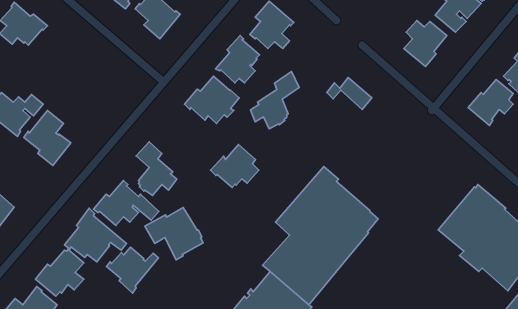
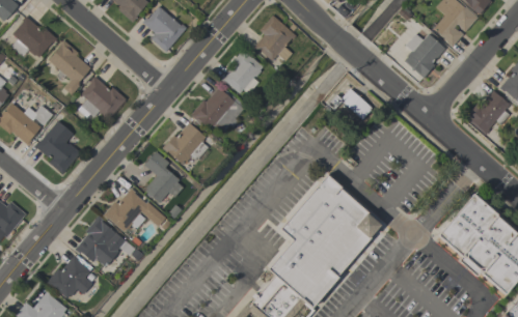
building: none -> [49,39,91,94]
building: none -> [78,76,127,119]
building: [251,72,299,129] -> none
building: [211,145,259,187] -> [162,122,209,164]
building: [145,207,203,260] -> none
building: [106,247,159,293] -> none

